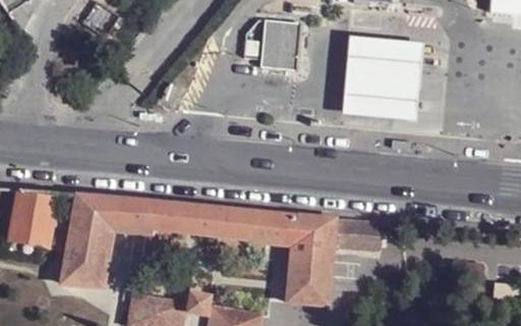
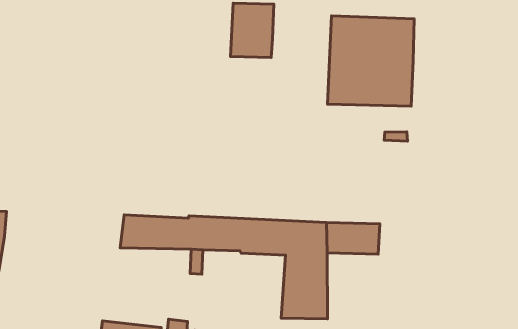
building: [51,192,157,288] -> none

